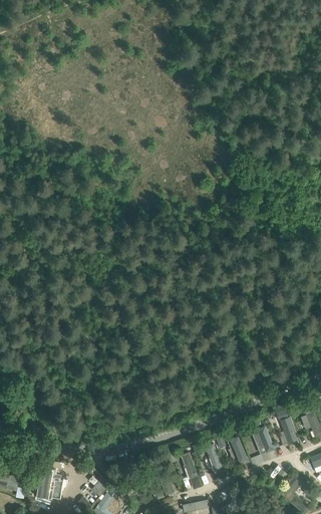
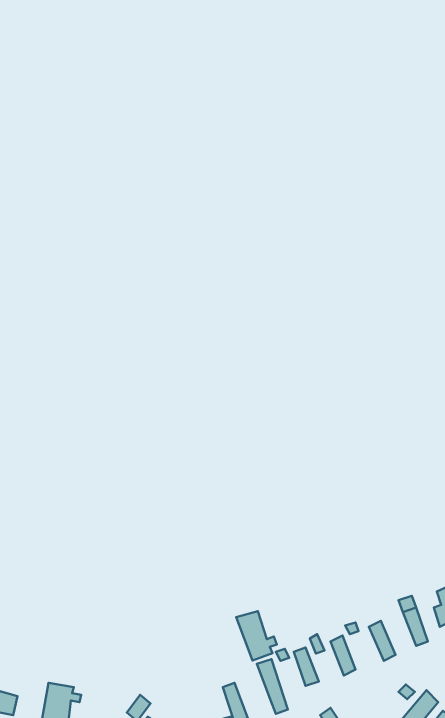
building: none -> [236,611,277,660]

